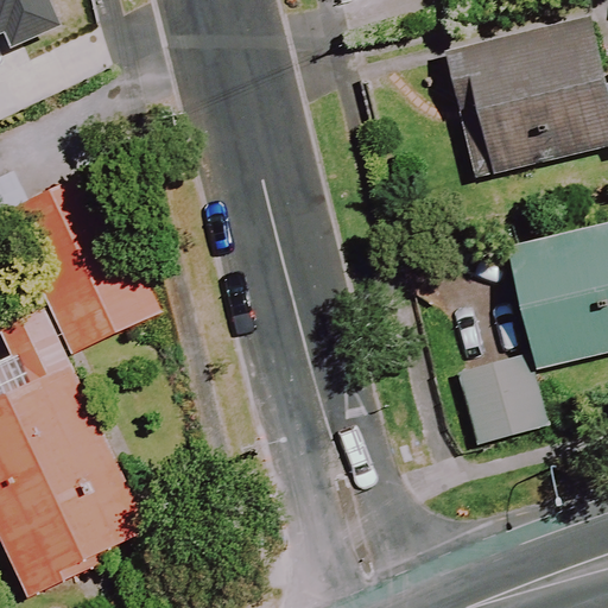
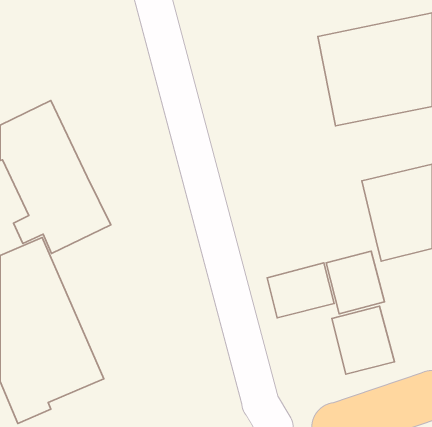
building: none -> [267,263,334,318]
building: none -> [332,306,394,374]

